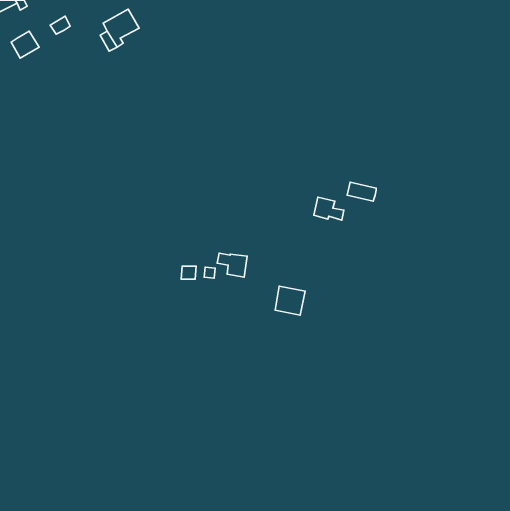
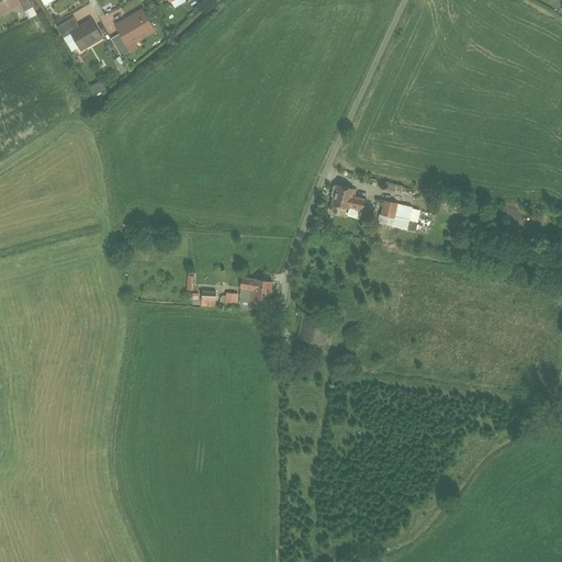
building: [11,31,39,58] -> [70,21,101,50]
building: [314,197,344,220] -> [331,184,364,210]

